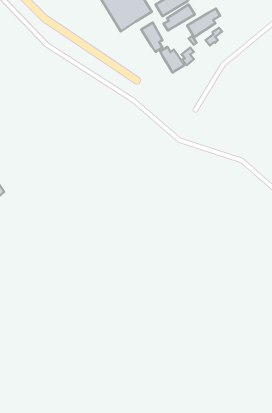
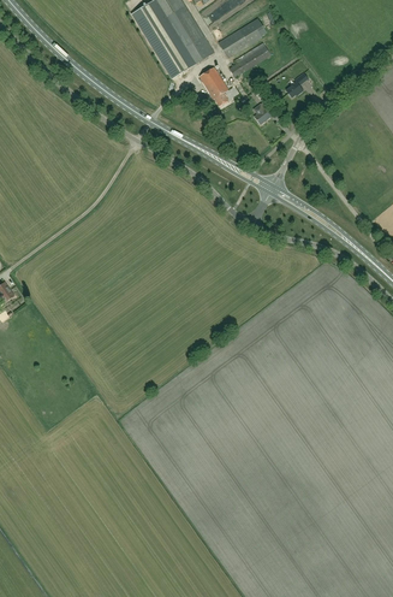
building: [187,9,220,37] -> none
building: [160,47,185,73] -> none

